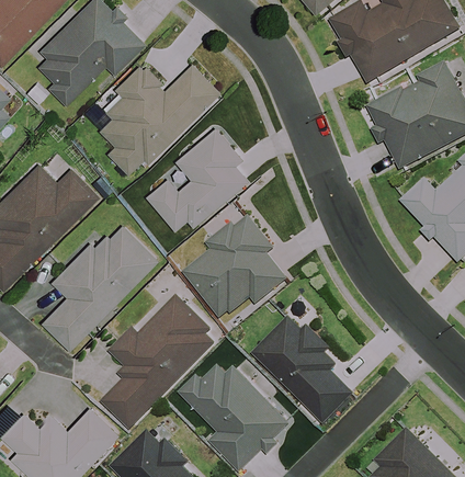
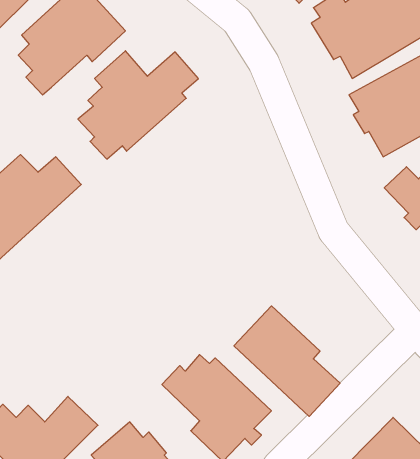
building: [140,126,246,232] -> none
building: [183,215,293,320] -> none
building: [42,225,154,350] -> none
building: [103,297,218,428] -> none

